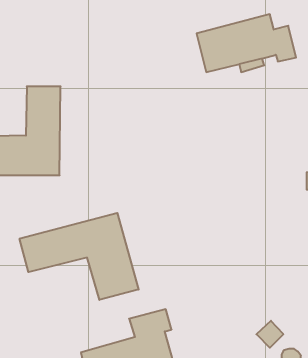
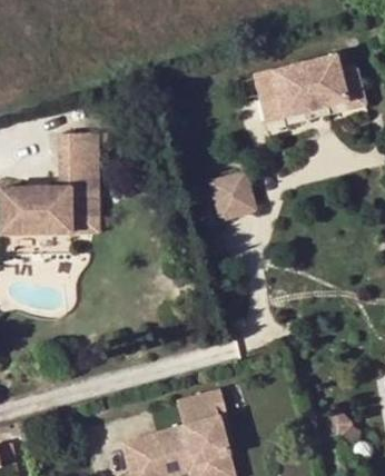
building: none -> [210,166,260,218]
building: [20,213,139,300] -> none

